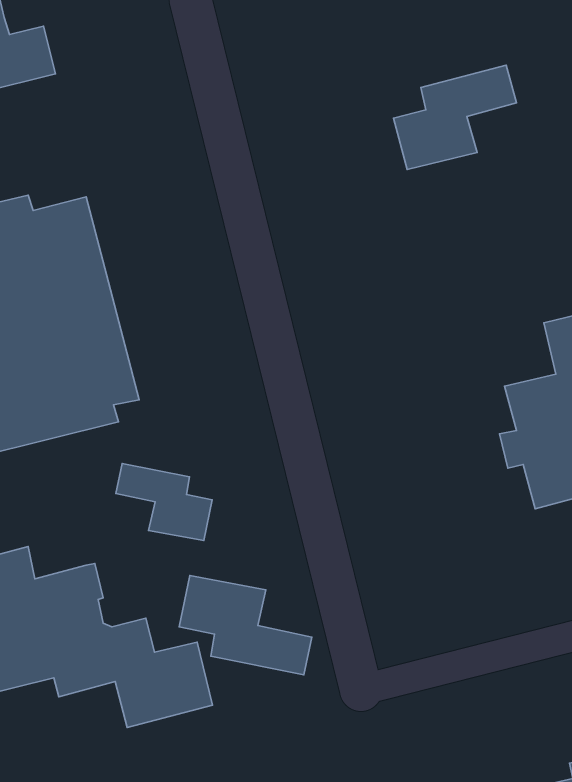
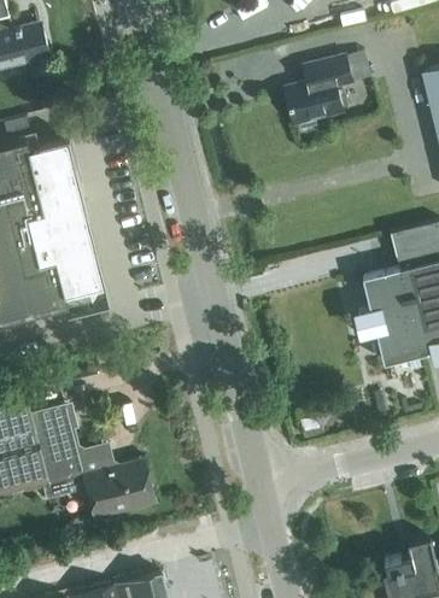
building: [116,463,212,541] -> none
building: [179,576,312,675] -> none

